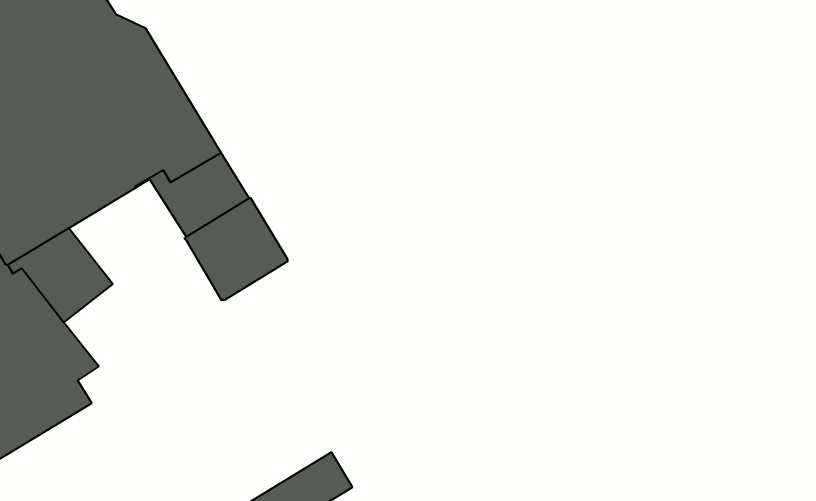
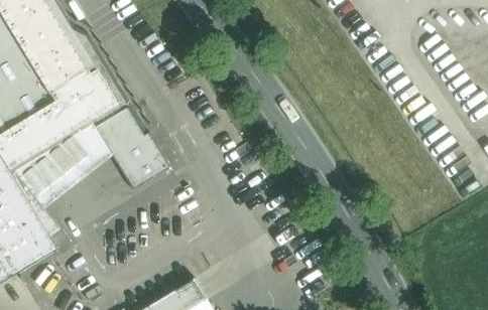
building: none -> [43,122,111,187]

